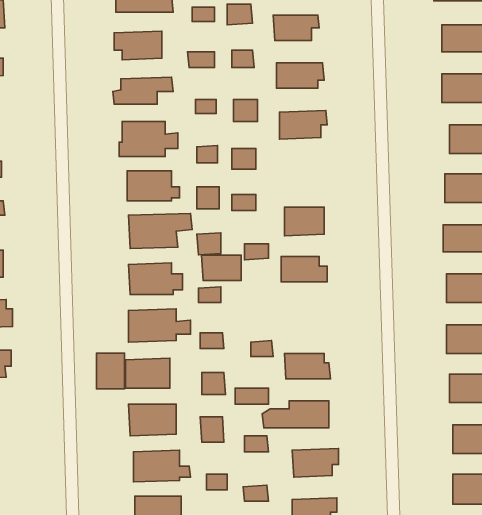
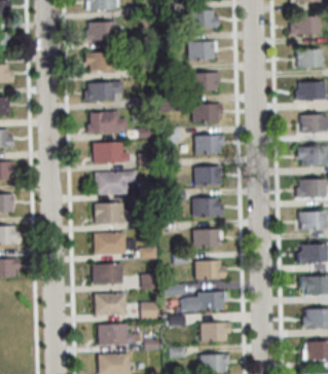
building: none -> [195,136,224,154]
building: [202,255,241,280] -> [193,231,219,248]
building: [97,353,124,389] -> none

